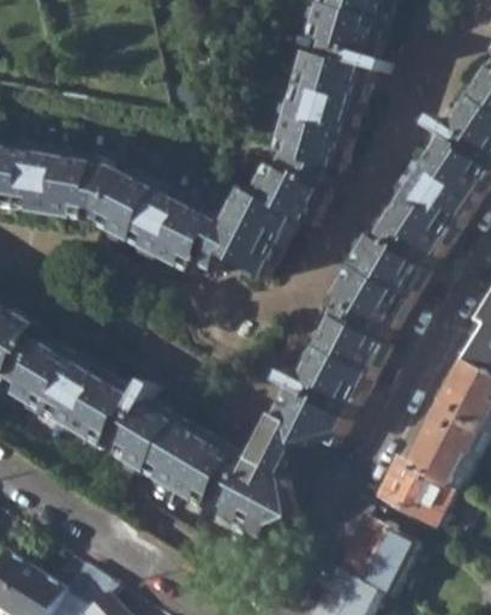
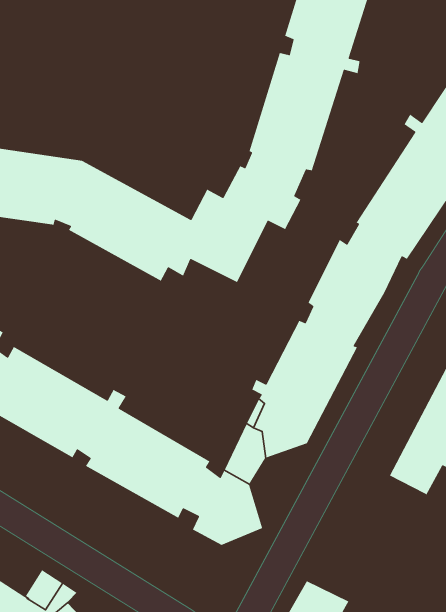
building: [367,455,444,526] -> none
building: [329,515,405,592] -> none

